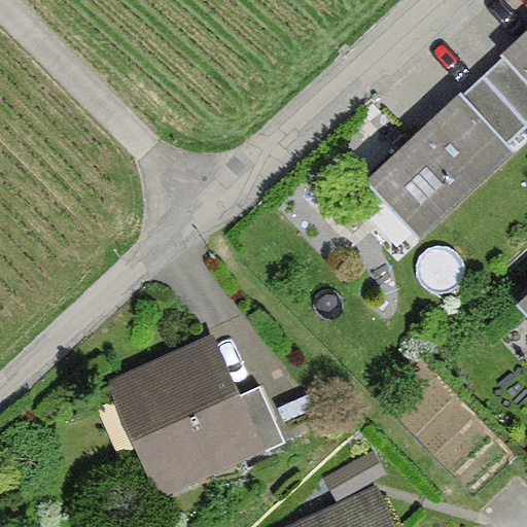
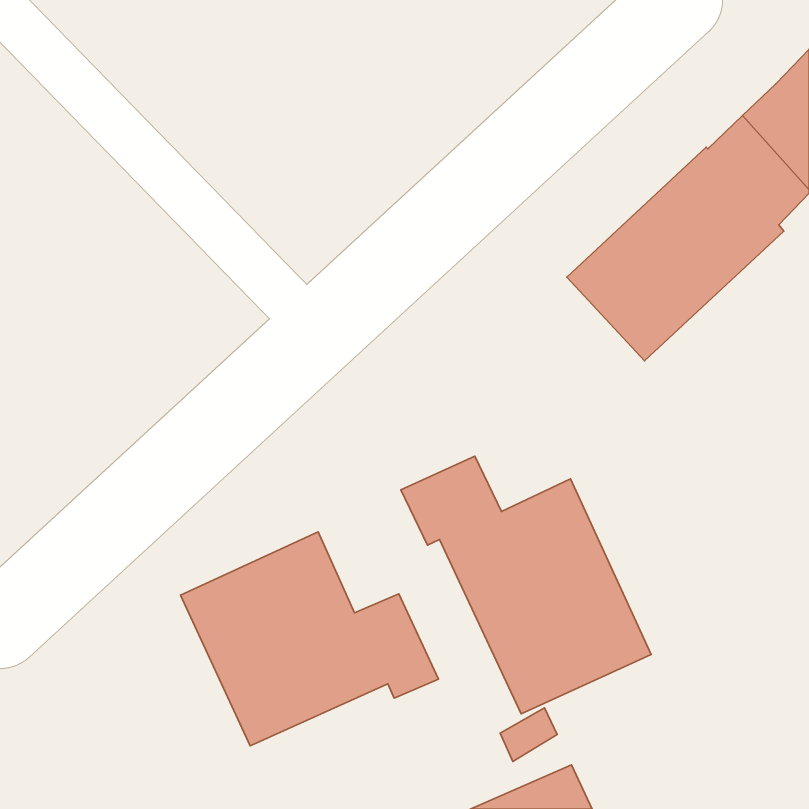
building: none -> [401,456,651,714]

